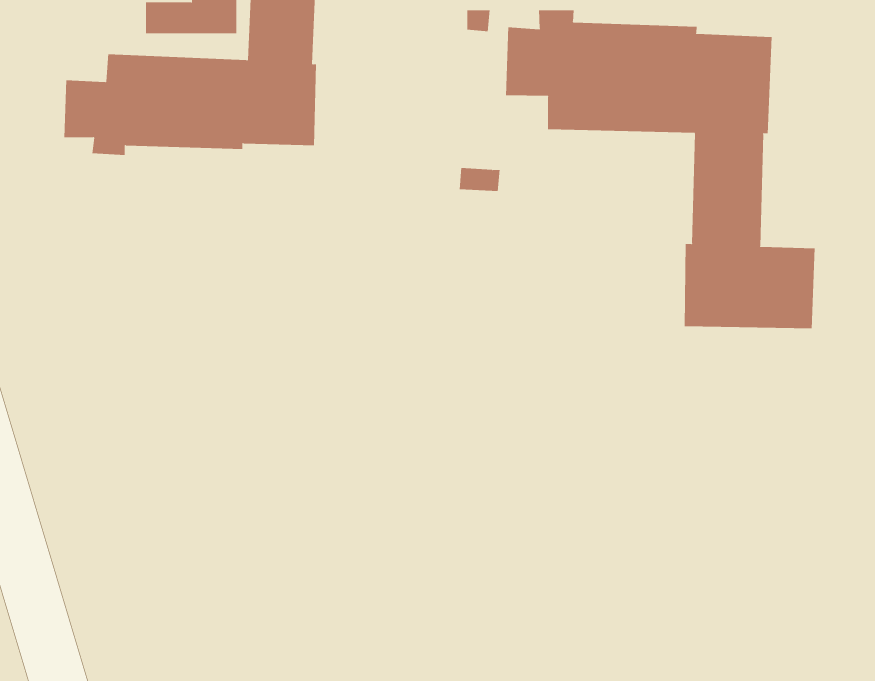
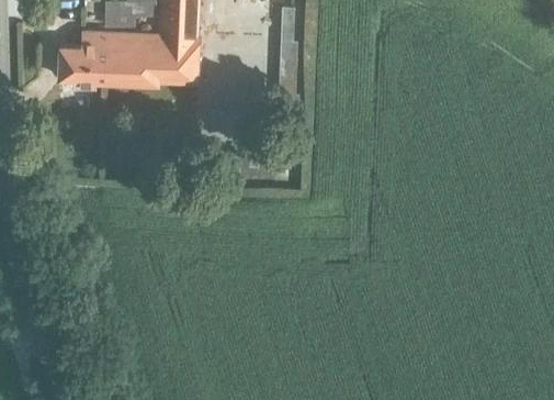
building: [506,10,815,329] -> none

